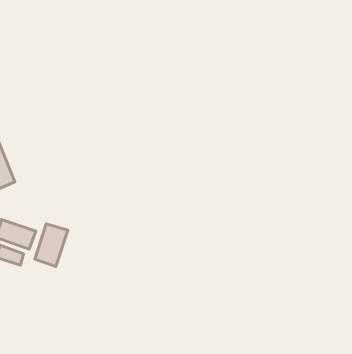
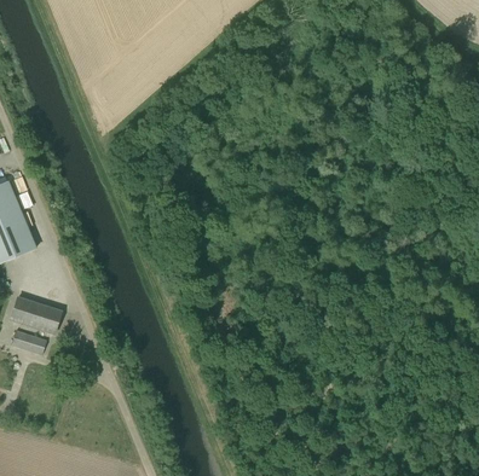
building: [35,224,68,266] -> none

